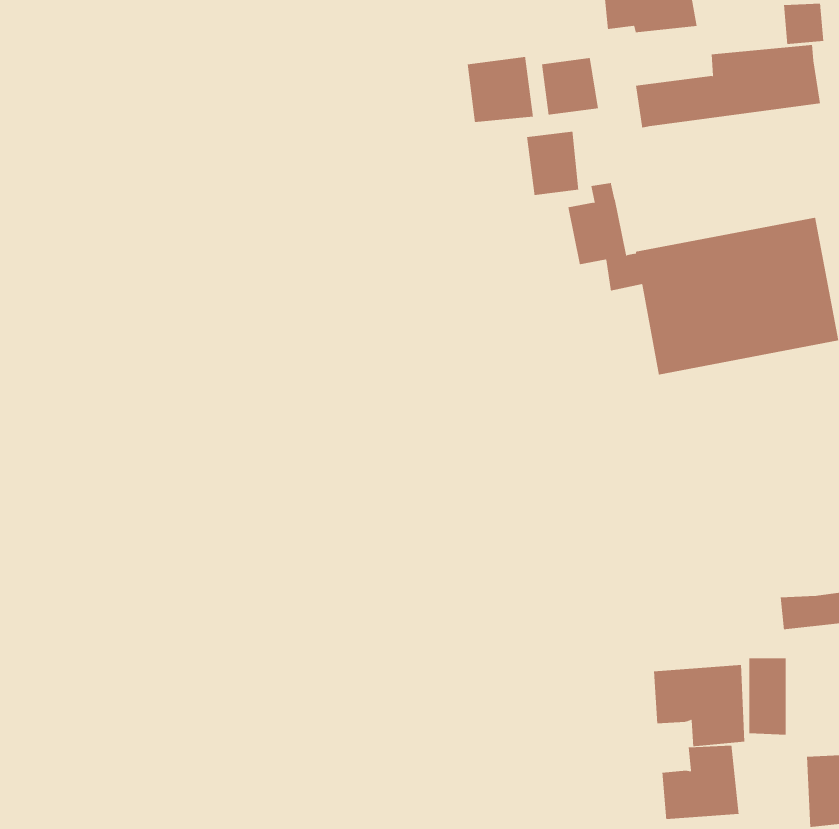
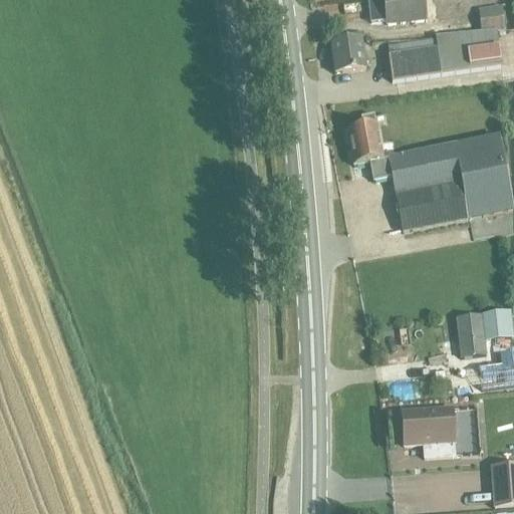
building: [467,56,533,123] -> none
building: [527,131,579,196] -> none
building: none -> [458,311,508,353]
building: [662,745,739,820] -> none

